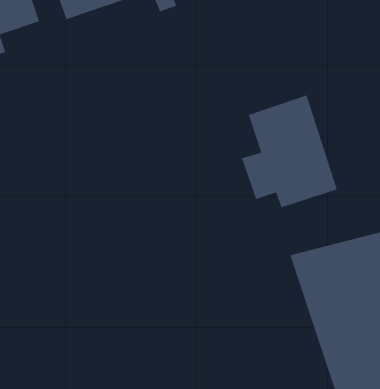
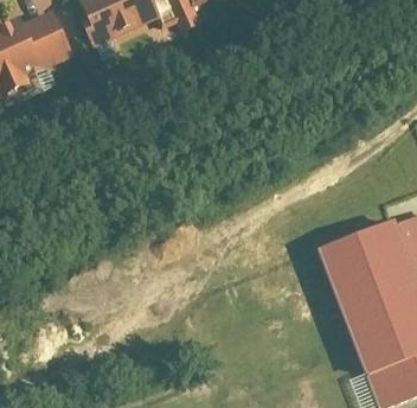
building: [241,95,338,208] -> none

